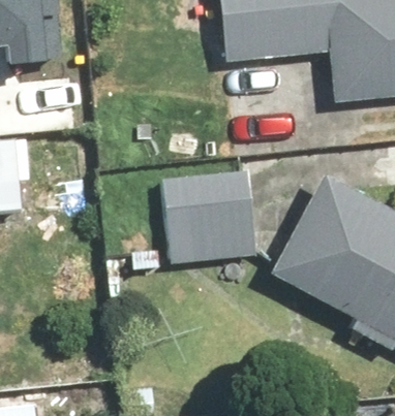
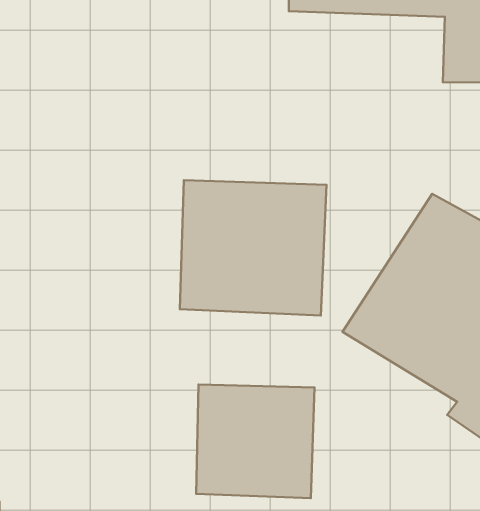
building: none -> [196,385,315,498]

